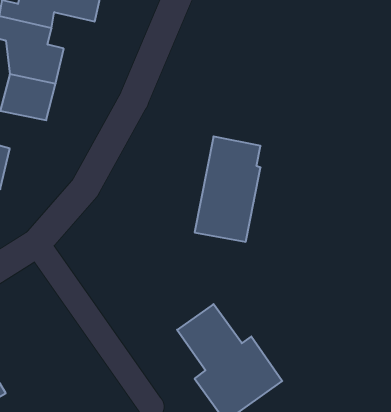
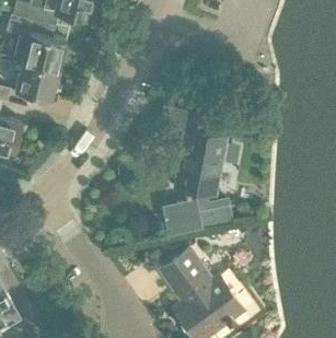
building: none -> [165,201,231,235]

